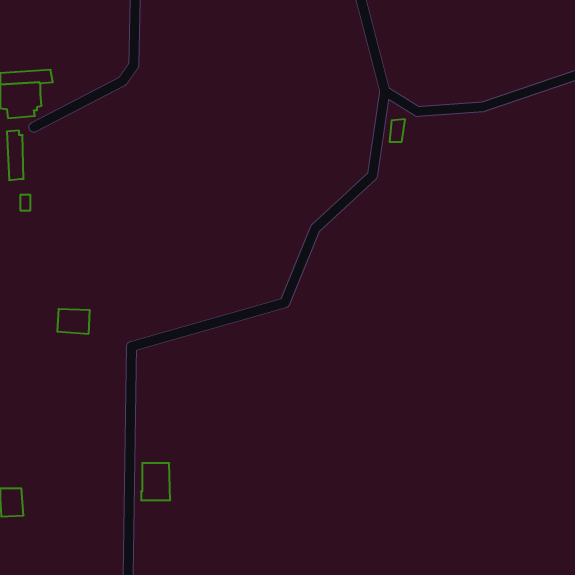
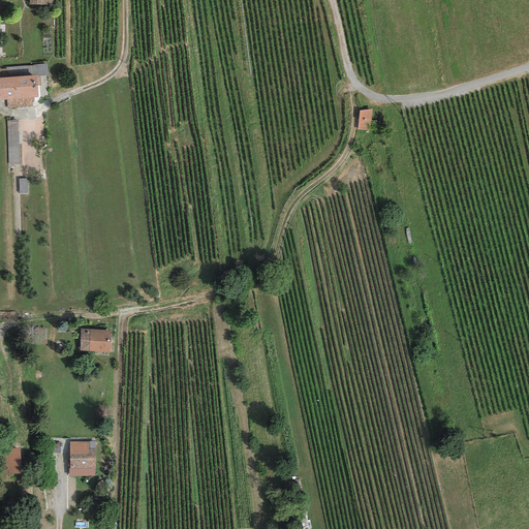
building: [57,309,90,334] -> [80,330,110,352]
building: [141,463,170,500] -> [68,442,95,476]

